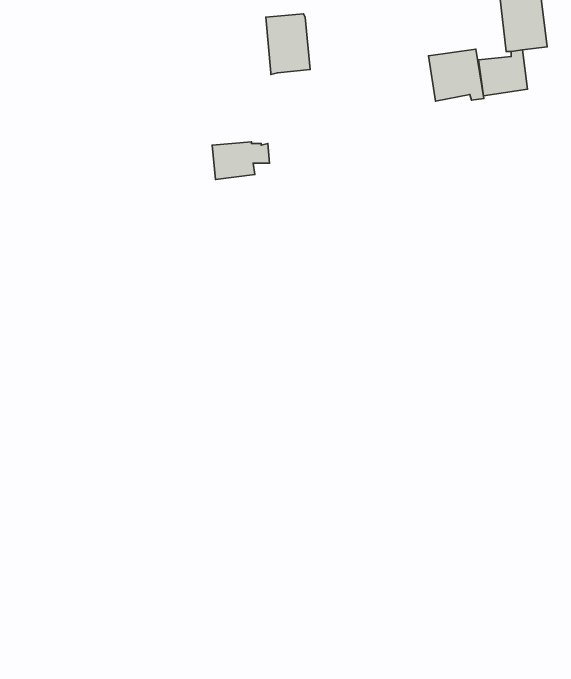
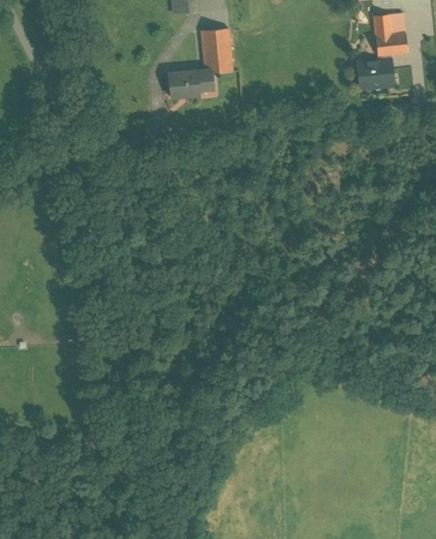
building: [429,49,484,101] -> none
building: [212,142,269,180] -> [168,71,210,98]

